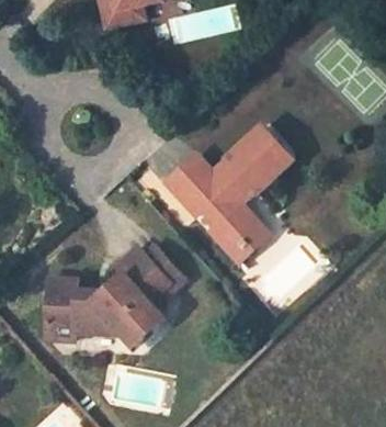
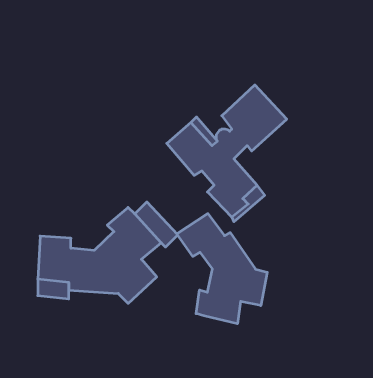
building: none -> [177,214,267,324]

